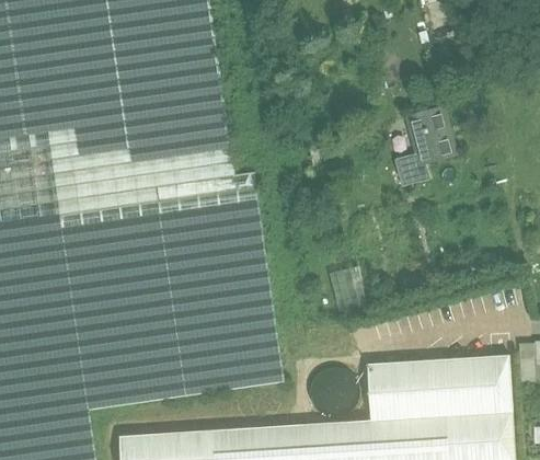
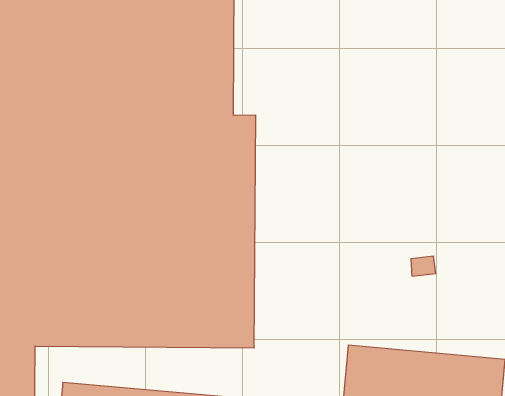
building: [392,107,455,186] -> none

